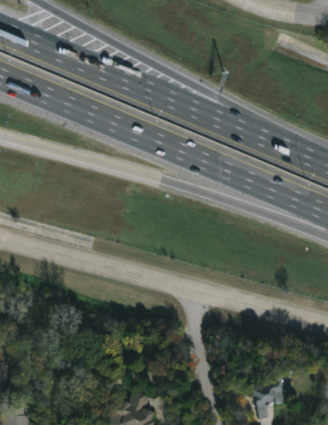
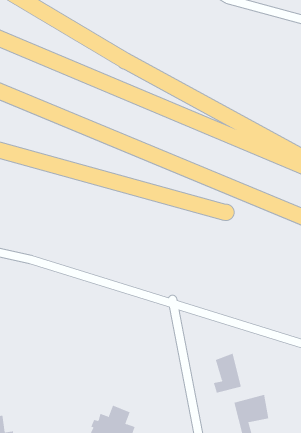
building: none -> [213,353,241,393]

